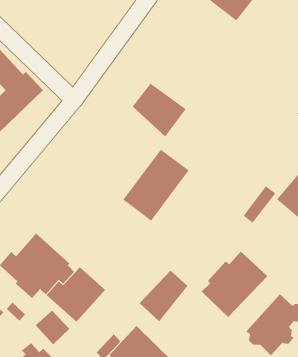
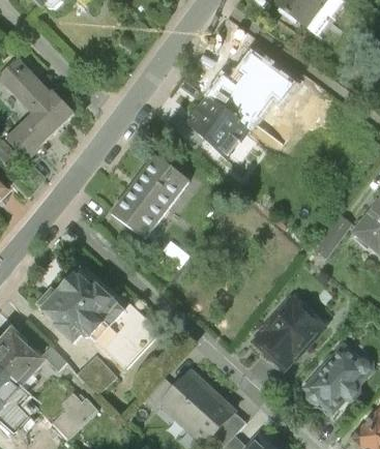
building: none -> [206,56,291,127]
building: [122,149,190,221] -> [111,156,187,239]
building: [139,270,188,322] -> none

